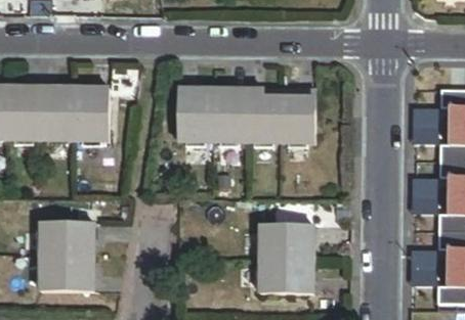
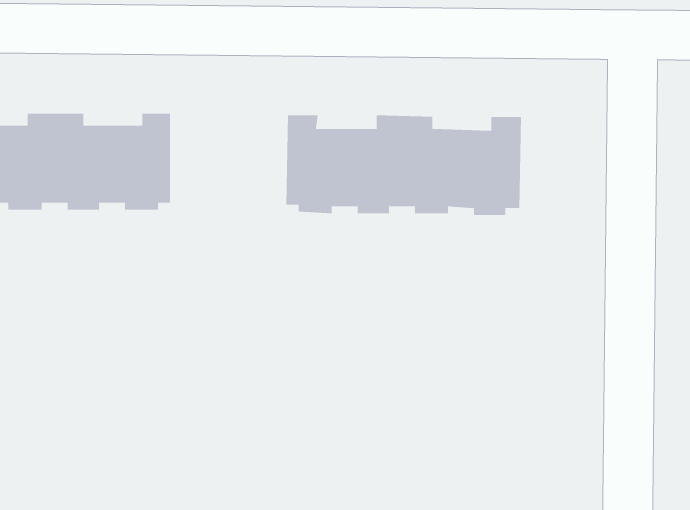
building: [36,221,94,289] -> none
building: [256,223,314,292] -> none

